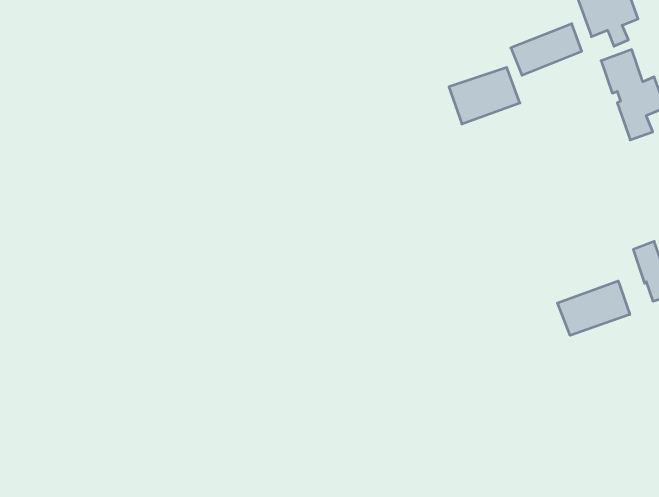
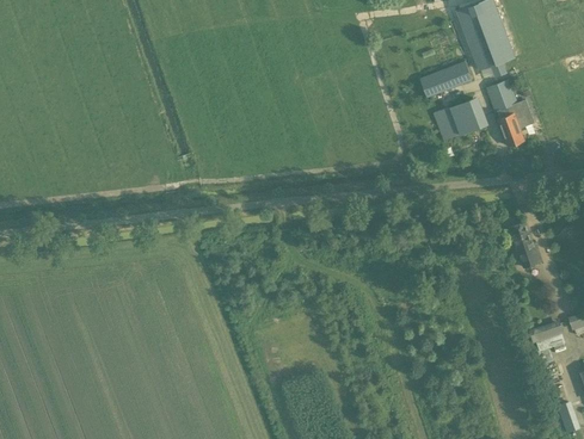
building: [449,68,520,124] -> [434,99,486,141]
building: [557,281,630,335] -> none

